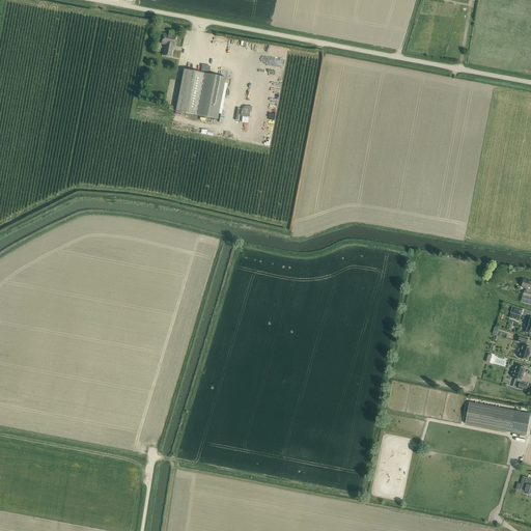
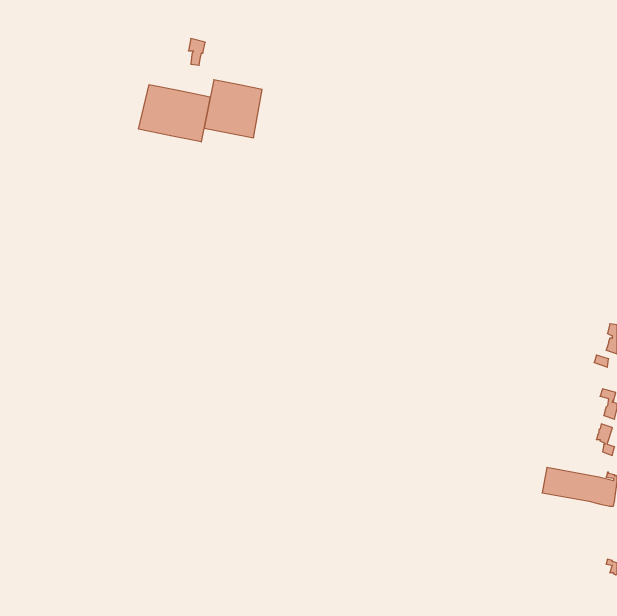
building: none -> [139,85,210,142]

